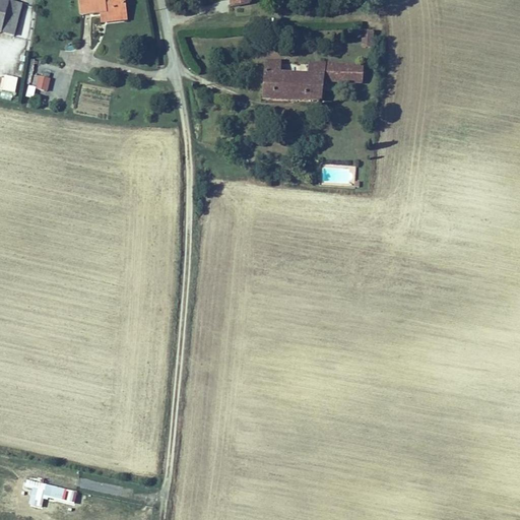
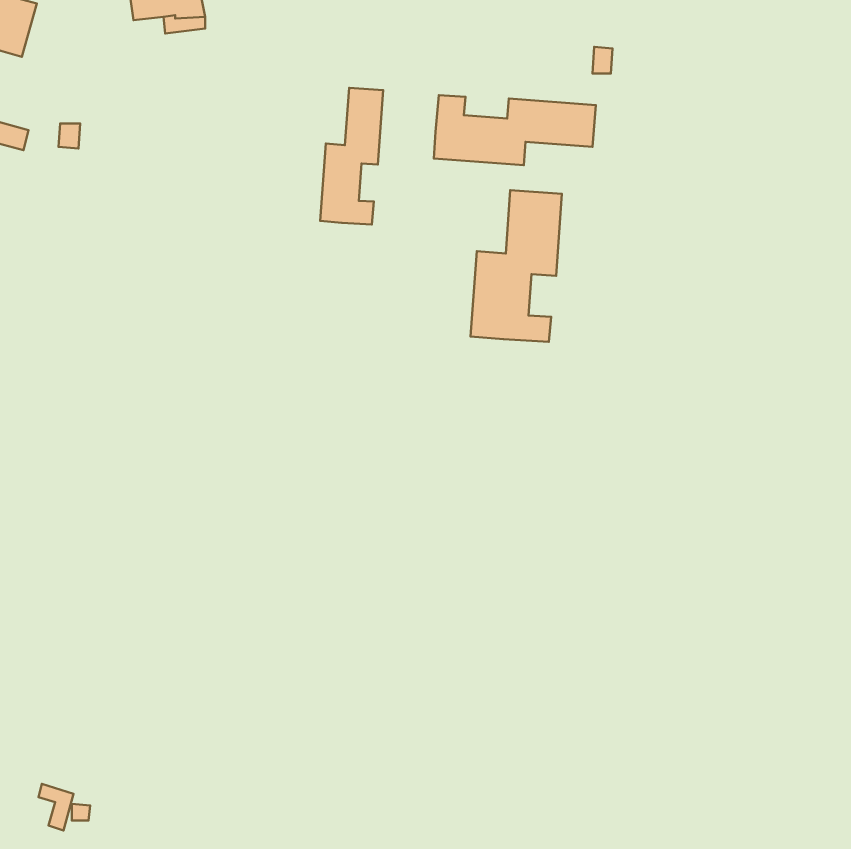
building: none -> [320,88,383,224]
building: none -> [471,190,562,342]

